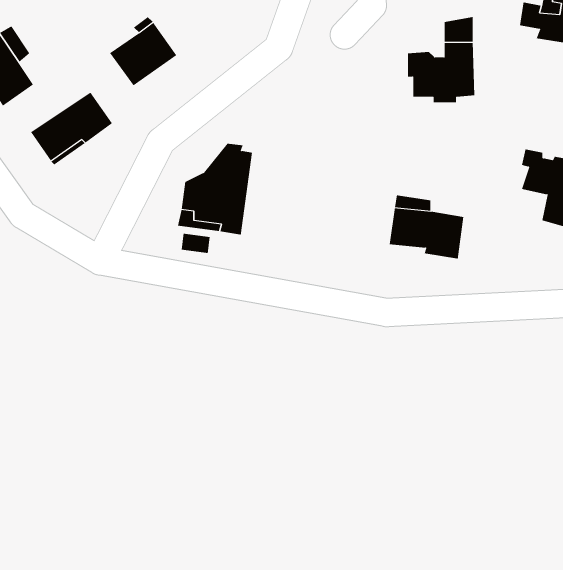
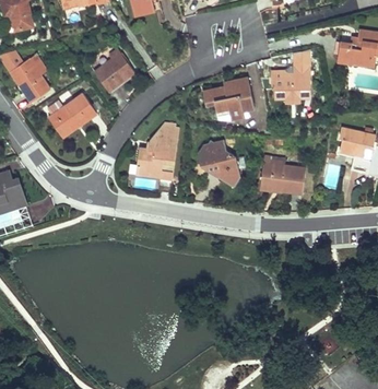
building: none -> [203,78,252,118]
building: none -> [198,140,240,186]

